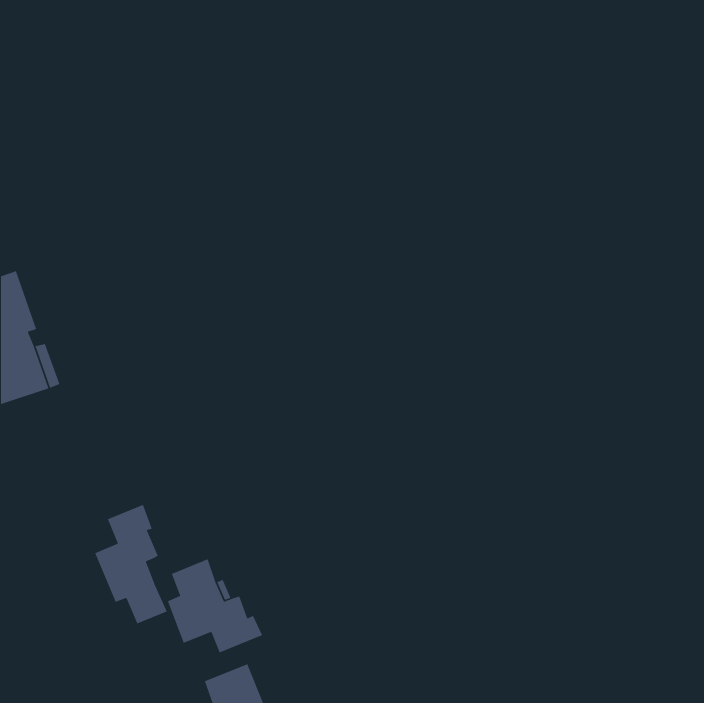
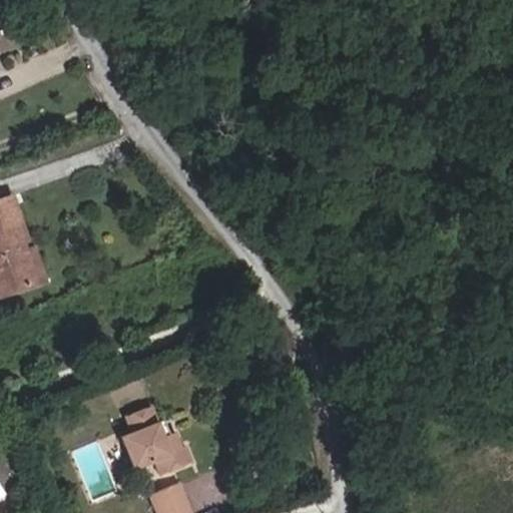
building: [94,504,168,625] -> none

